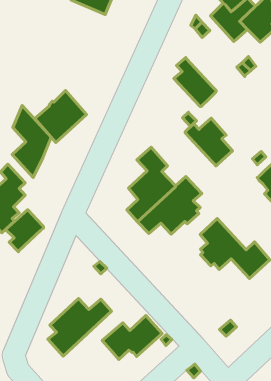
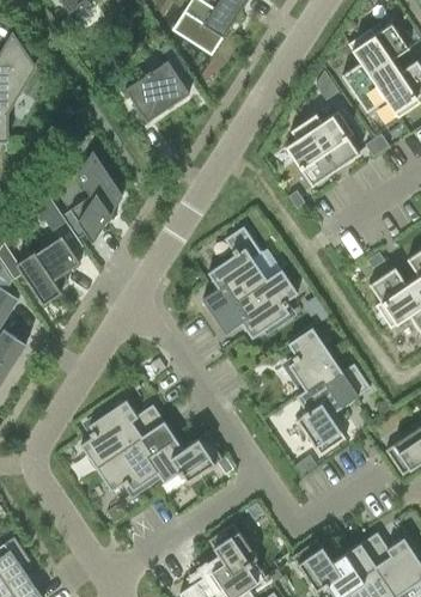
building: [35,91,86,142] -> [124,60,189,122]
building: [185,118,232,166] -> [304,110,359,170]
building: [5,210,44,252] -> none
building: none -> [295,379,346,455]
building: none -> [96,421,176,494]

